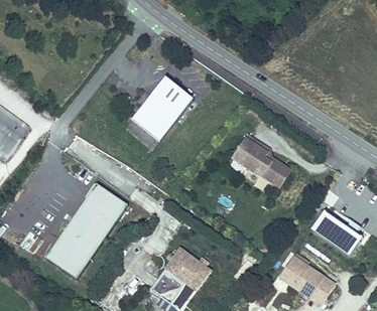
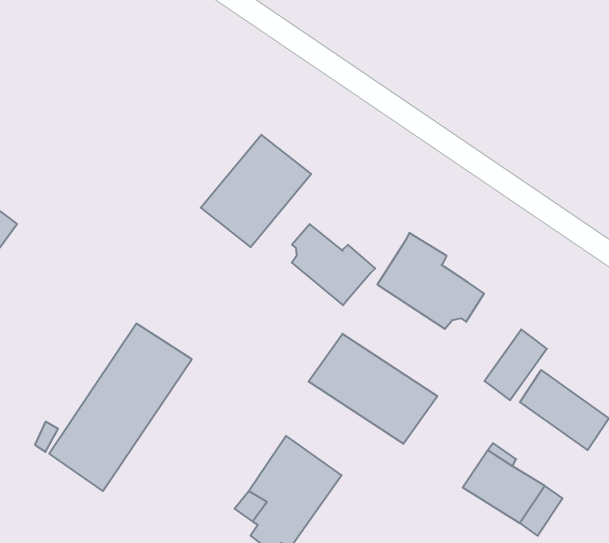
building: none -> [292,224,375,305]
building: none -> [484,329,547,400]
building: none -> [309,334,437,444]

